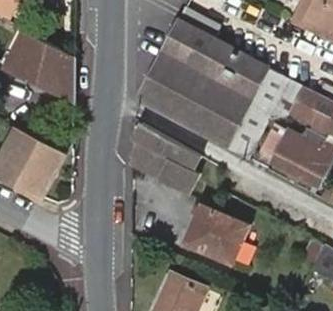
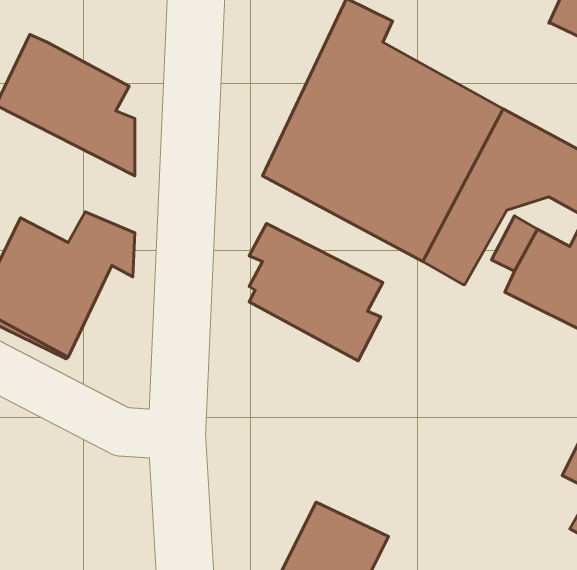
building: [182,209,243,264] -> none

